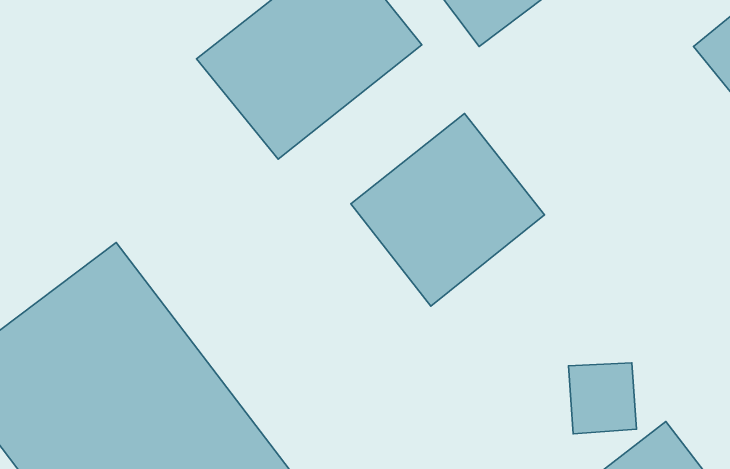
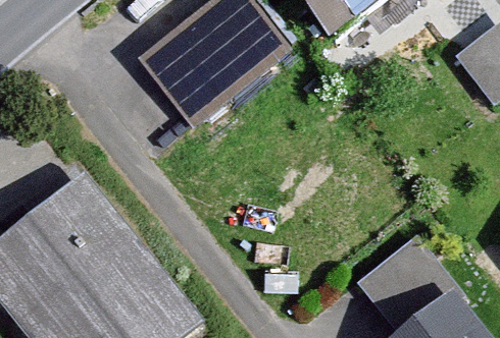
building: [351,114,545,306] -> none

